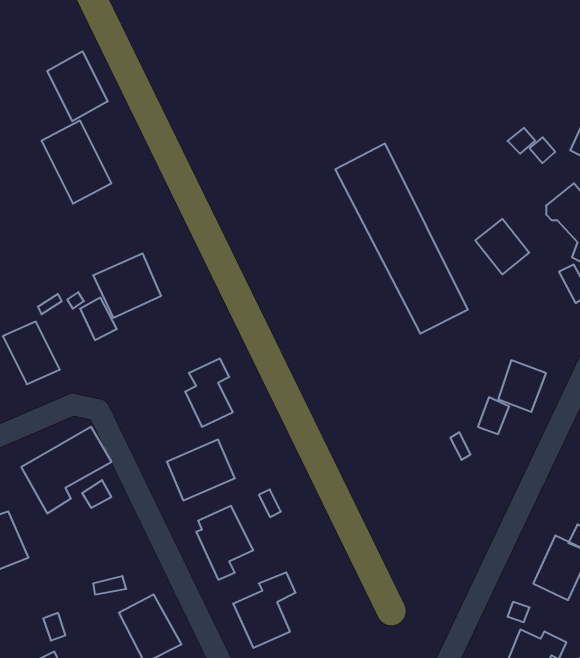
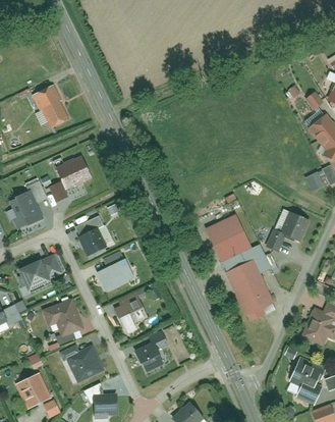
building: [47,51,108,121] -> none
building: [335,144,468,334] -> [206,214,279,319]
building: [475,219,529,274] -> none
building: [185,359,233,427] -> [79,218,106,256]
building: none -> [43,296,87,333]

